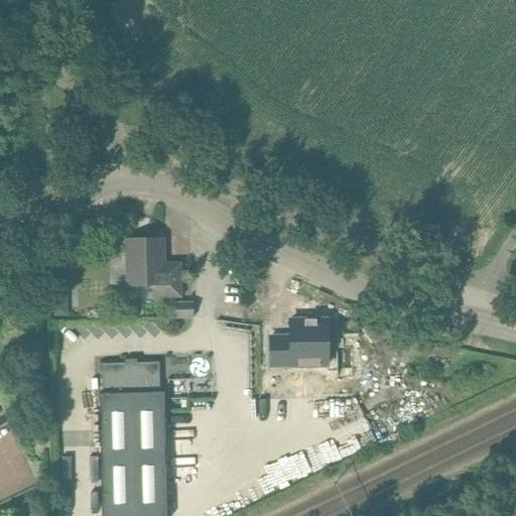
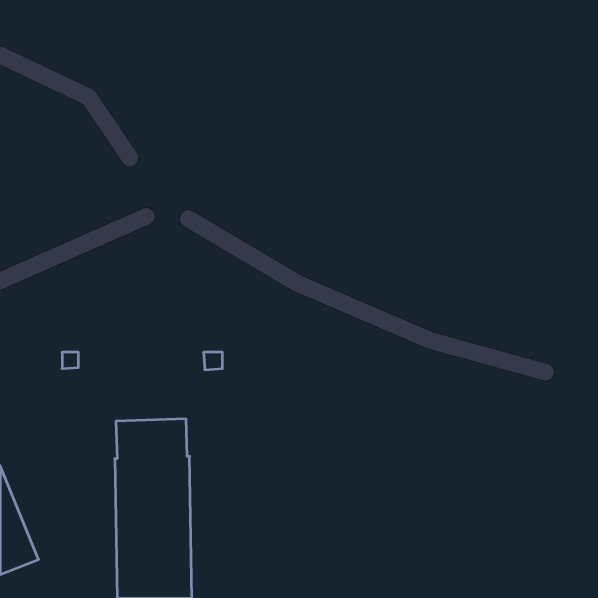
building: [125,240,180,298] -> none
building: [270,320,327,366] -> none

